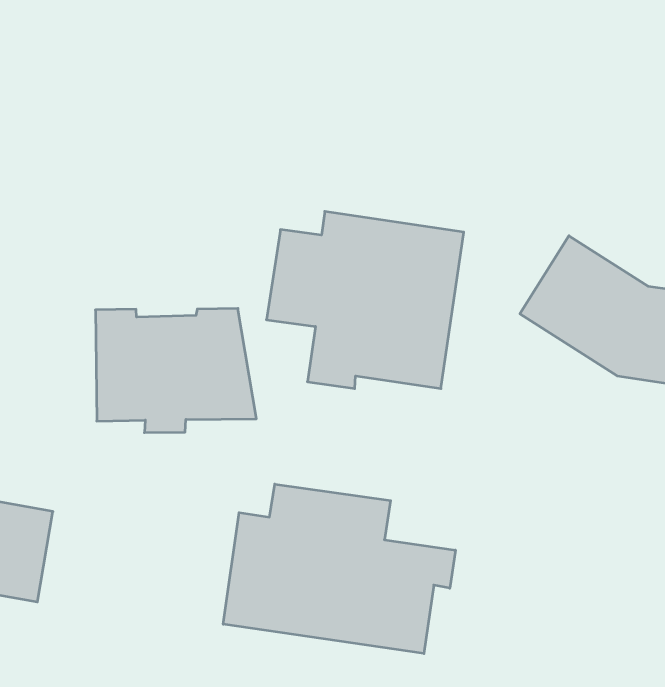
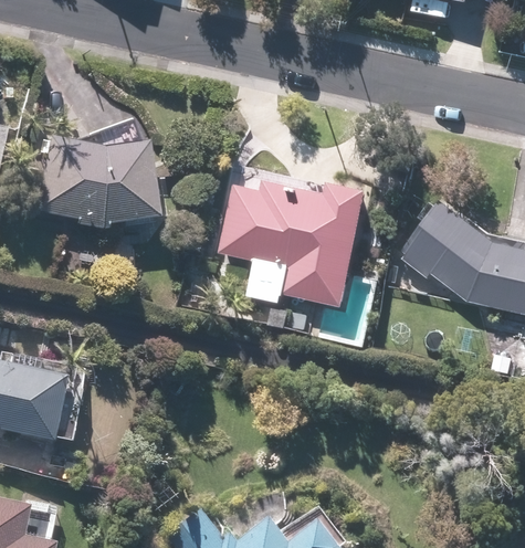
building: [95,308,256,433] -> [42,137,155,226]
building: [223,484,455,654] -> none

